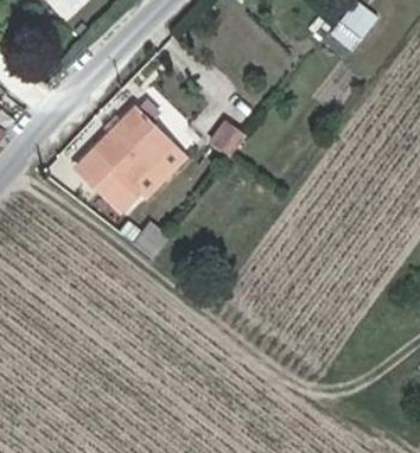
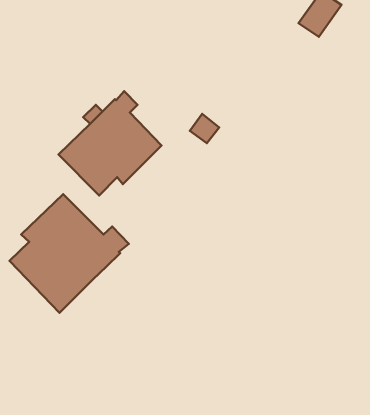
building: none -> [9,194,129,313]

